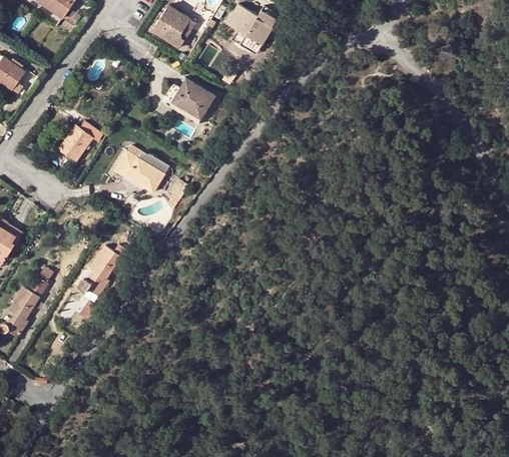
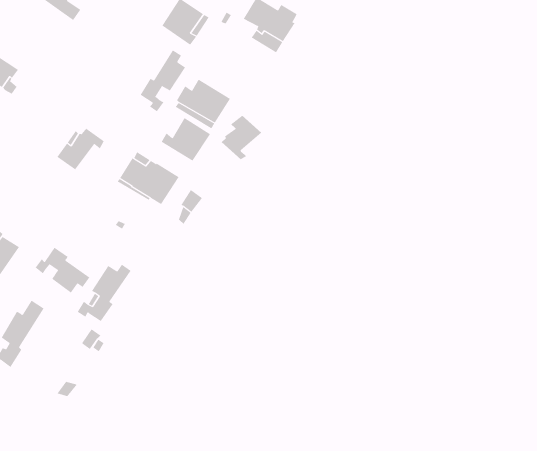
building: none -> [140,49,186,112]
building: none -> [221,115,262,160]
building: none -> [161,117,211,162]
building: none -> [35,247,90,293]

